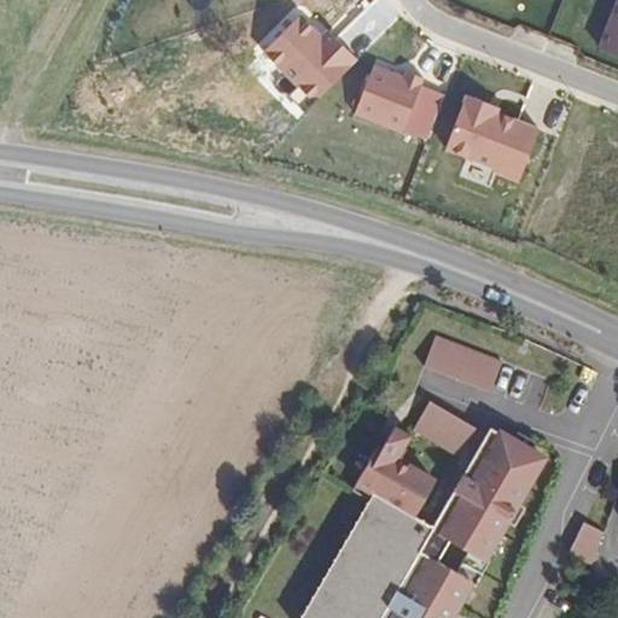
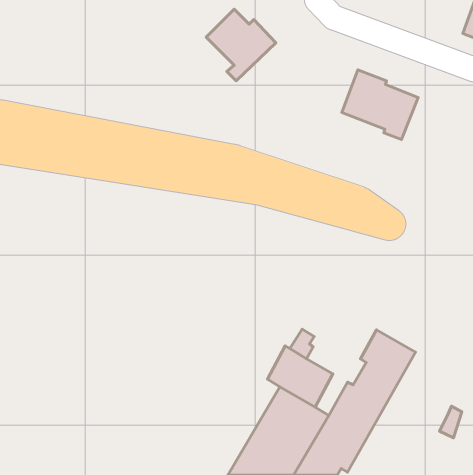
building: [360,63,427,130] -> none
building: [424,336,503,393] -> none
building: [412,402,477,460] -> none

